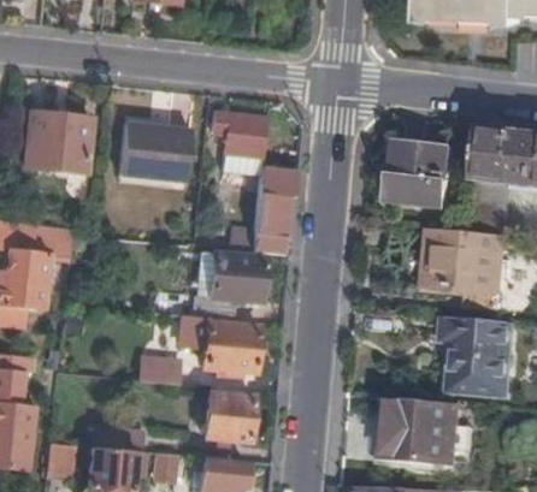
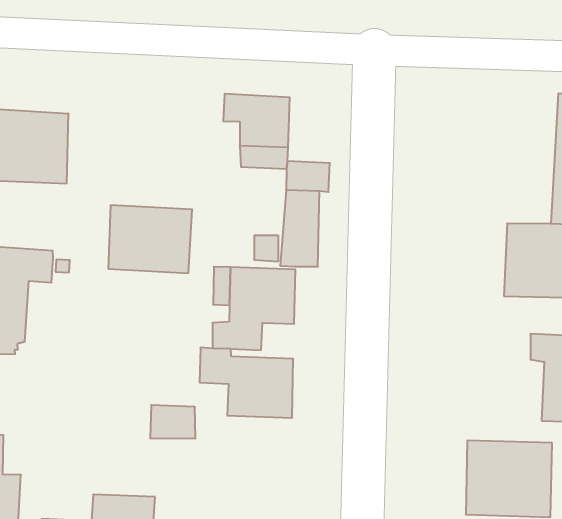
building: [120,124,190,182] -> [108,205,192,273]
building: [390,142,454,208] -> none
building: [205,392,253,440] -> none

